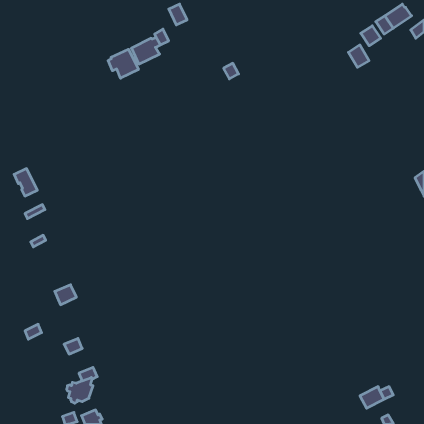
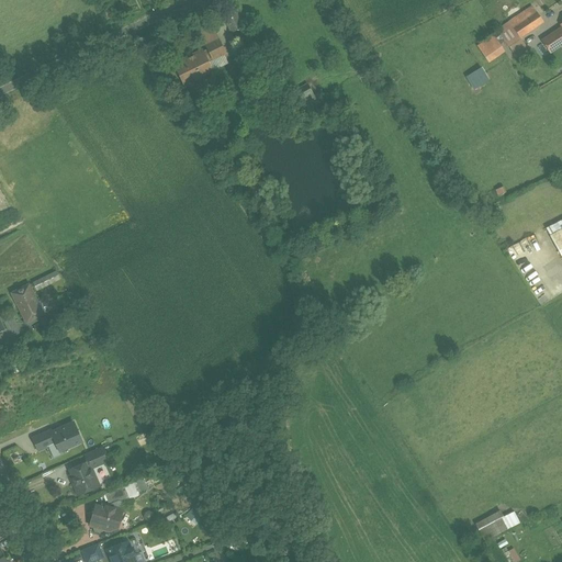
building: [108,49,138,78] -> none
building: [14,169,37,196] -> [12,284,43,321]
building: [55,285,76,305] -> [52,423,80,449]
building: none -> [70,461,99,493]

